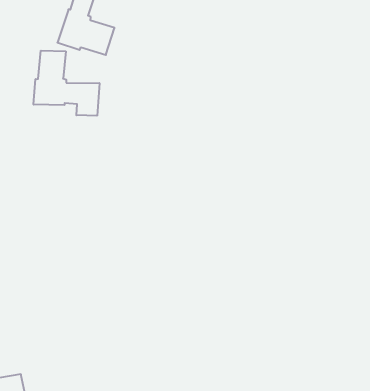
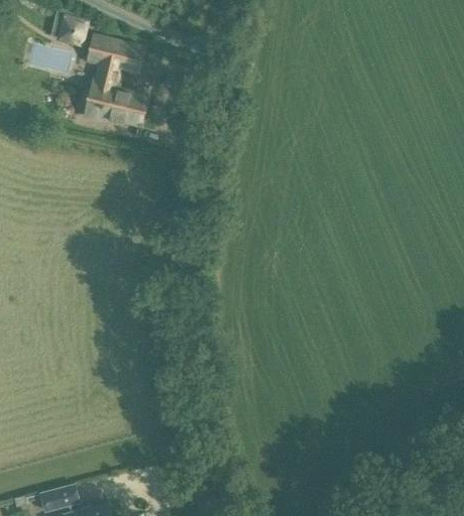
building: [34,51,99,116] -> none

